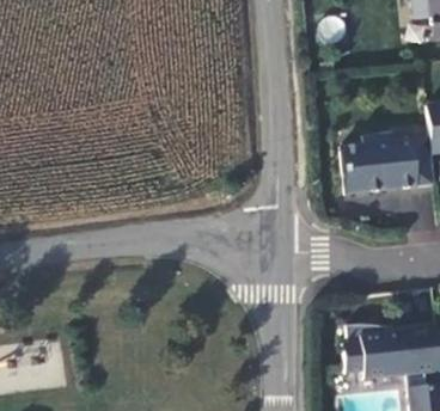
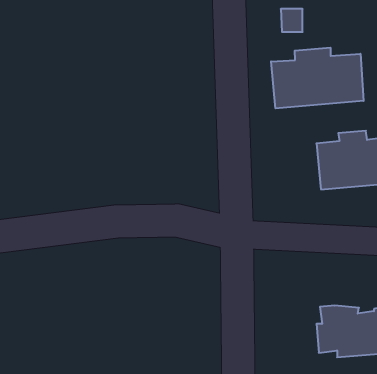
building: none -> [271,48,364,108]

